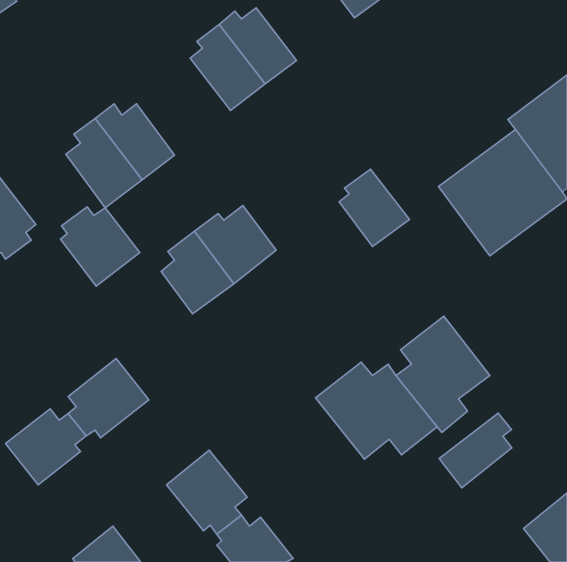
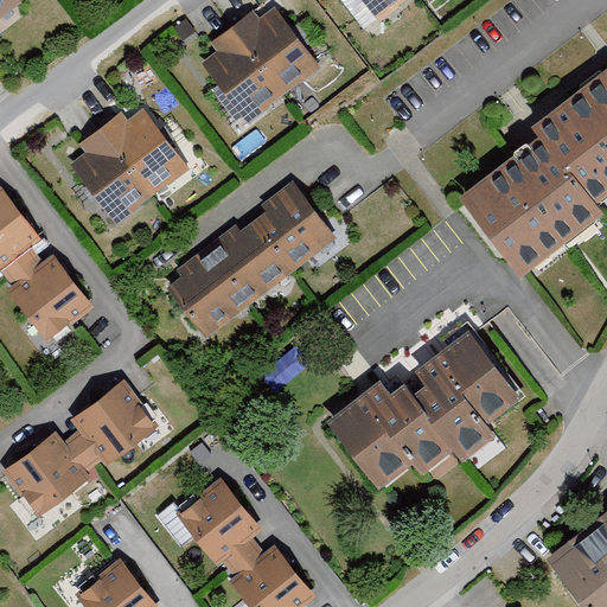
building: [339,169,410,246] -> [257,184,332,266]
building: [60,207,140,286] -> [5,255,89,339]
building: [439,413,512,488] -> none

